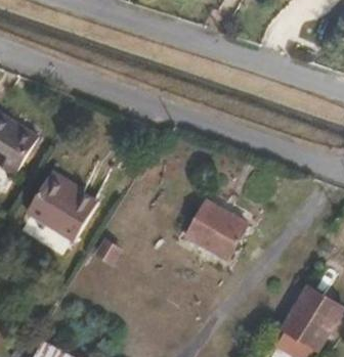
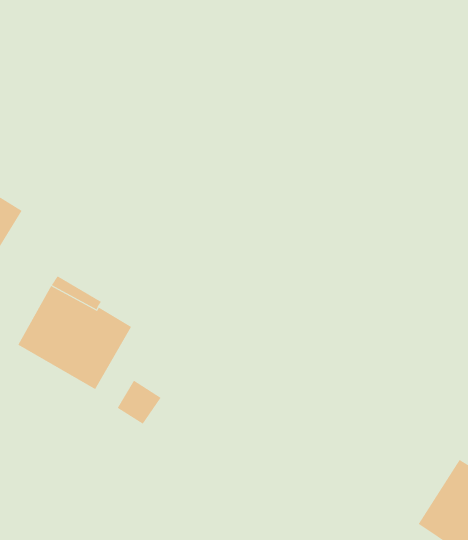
building: [185,199,246,258] -> none

